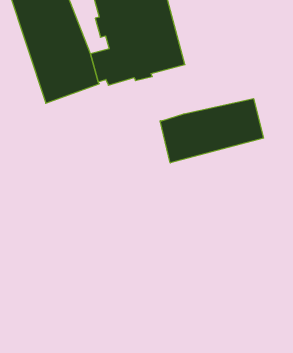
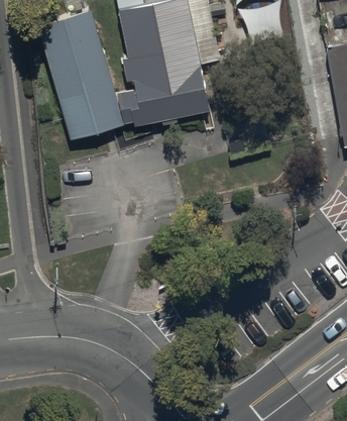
building: [160,99,264,163] -> none

